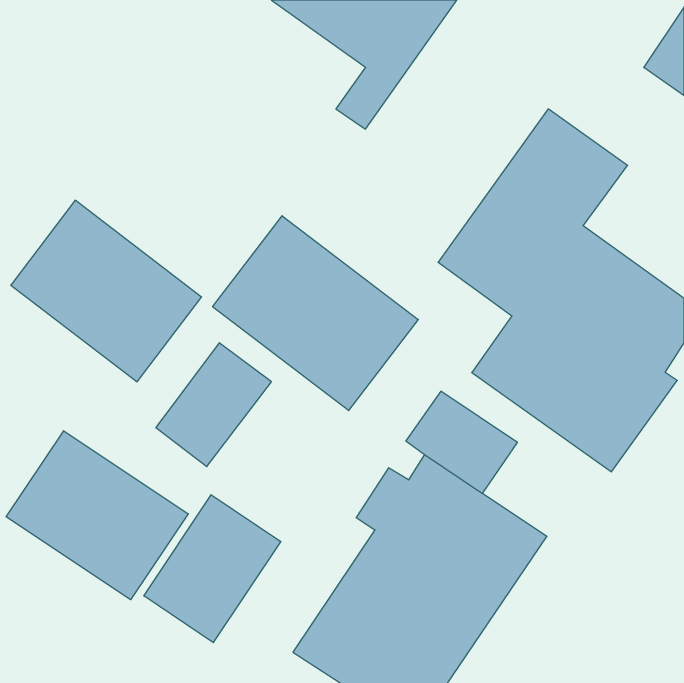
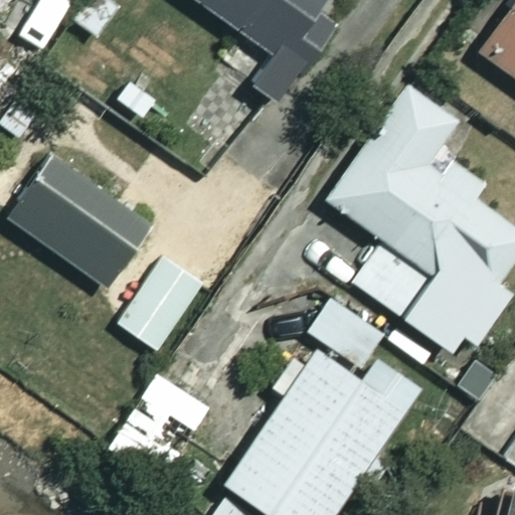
building: [213,216,418,411] -> none
building: [6,431,188,600] -> none

